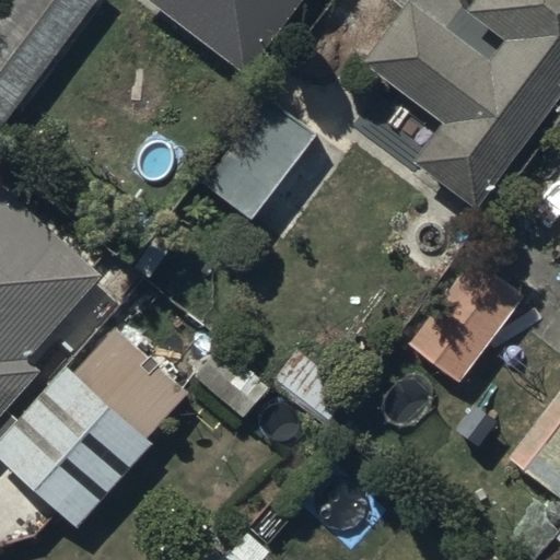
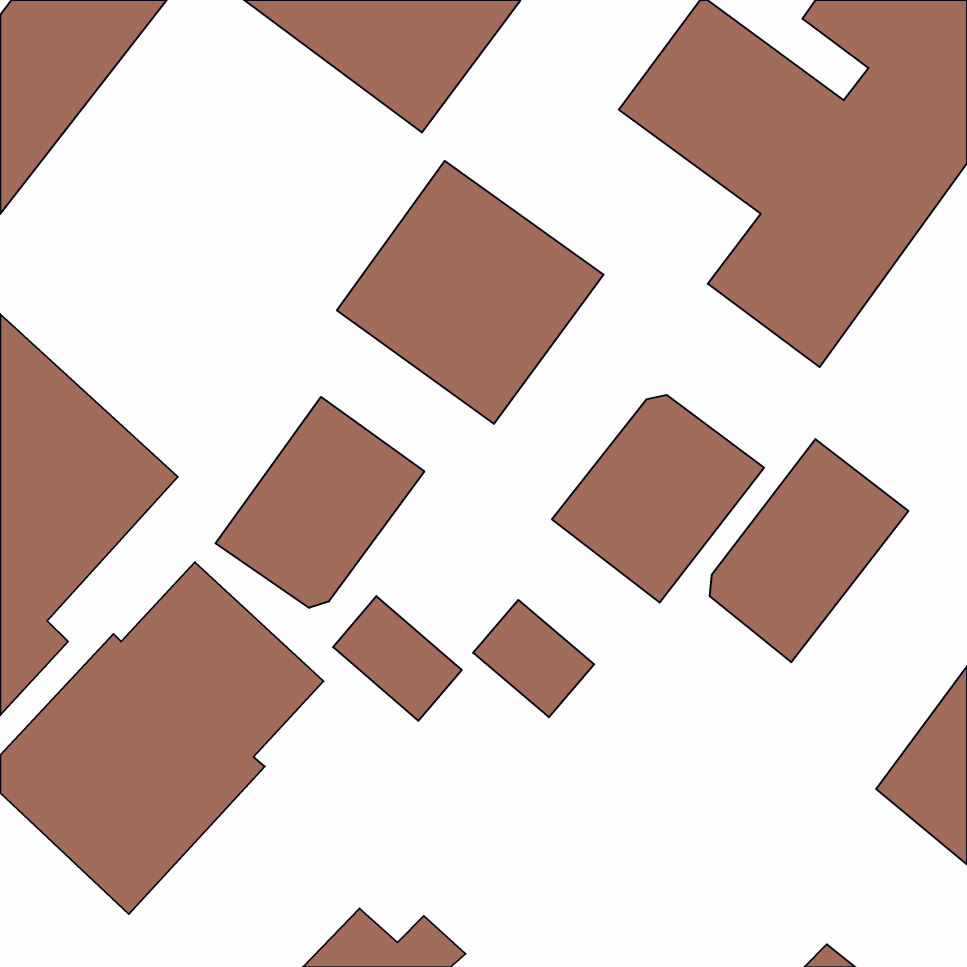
building: none -> [552,395,764,603]
building: none -> [215,397,424,608]

